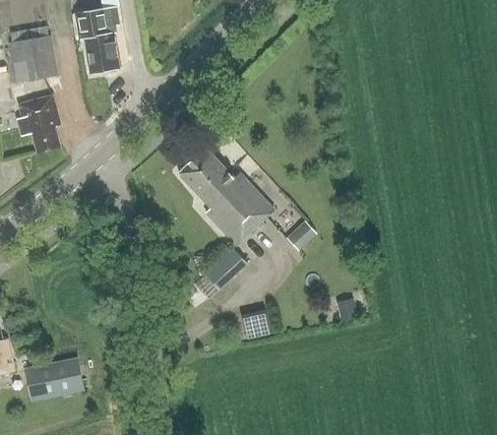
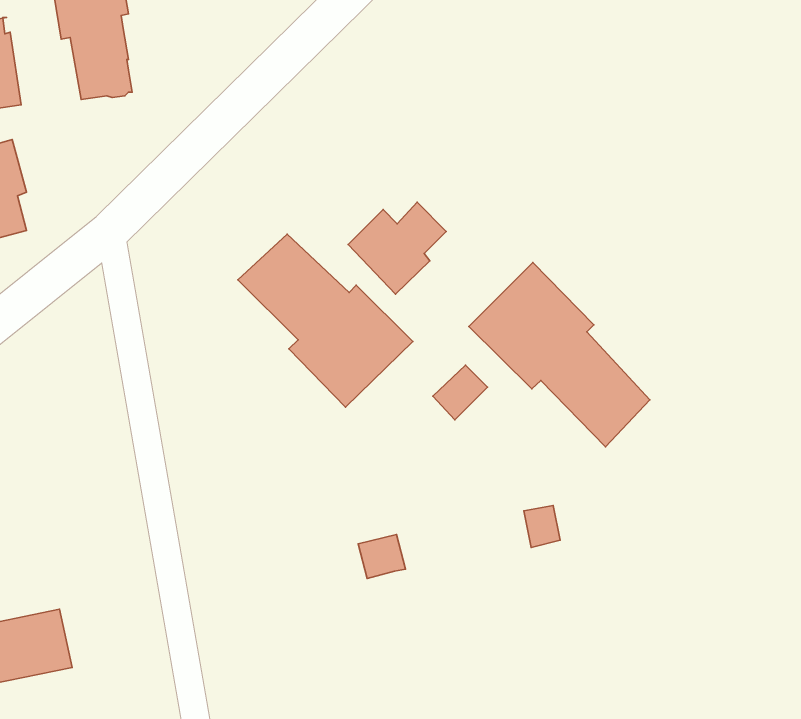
building: none -> [348,202,446,294]
building: none -> [469,262,650,447]
building: [203,247,246,289] -> none

